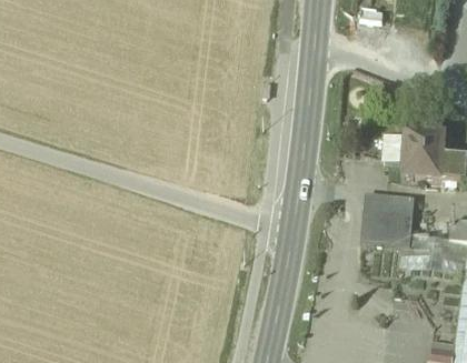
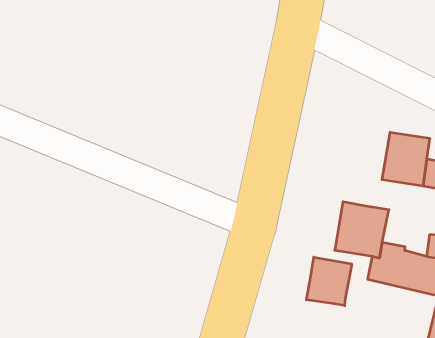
building: none -> [306,257,352,306]

